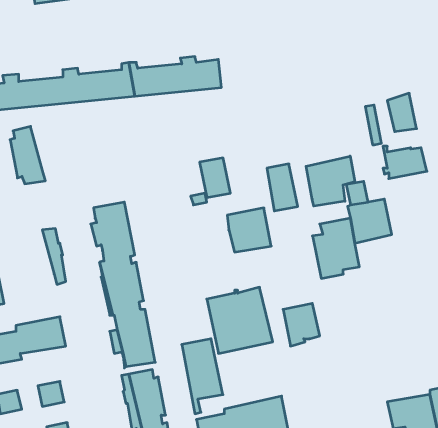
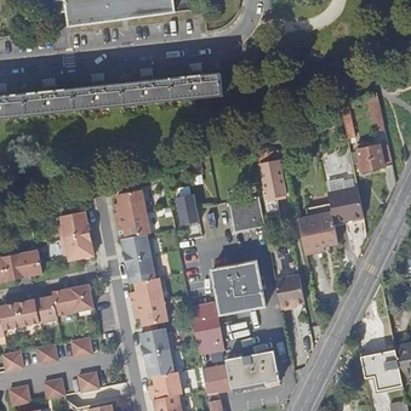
building: [10,126,45,184] -> [58,212,87,259]
building: [306,156,355,206] -> none
building: [200,158,230,198] -> [177,190,202,223]

